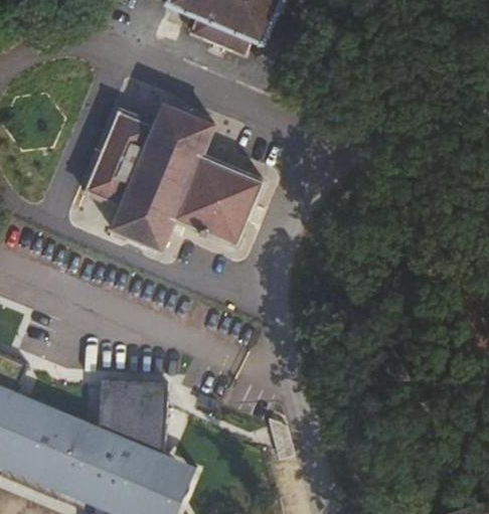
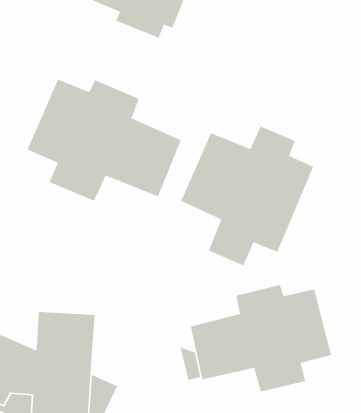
building: none -> [180,125,314,267]
building: none -> [190,284,332,392]

